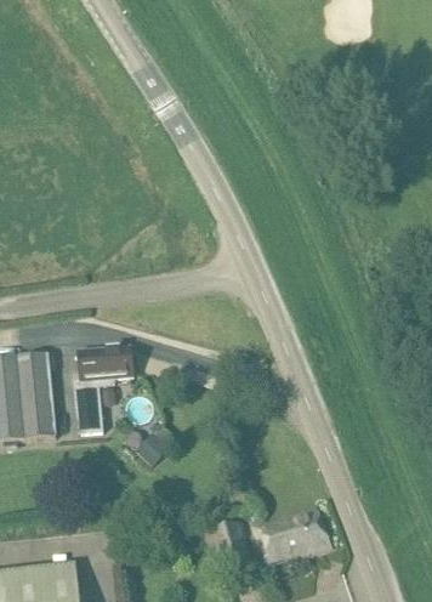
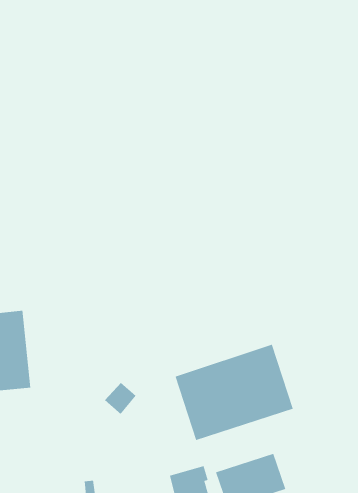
building: [73,345,132,433] -> none
building: none -> [175,344,294,441]

